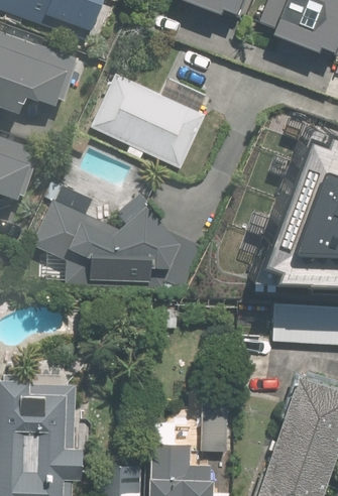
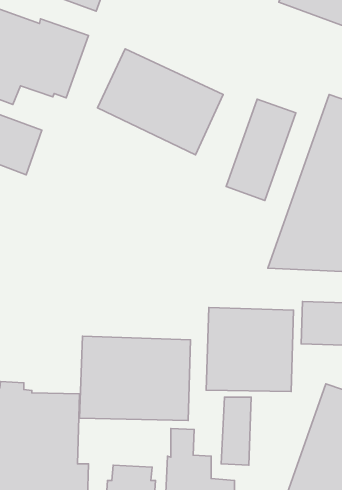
building: none -> [226,99,296,200]
building: [26,185,199,294] -> none
building: none -> [206,307,293,391]
building: none -> [80,336,191,420]

